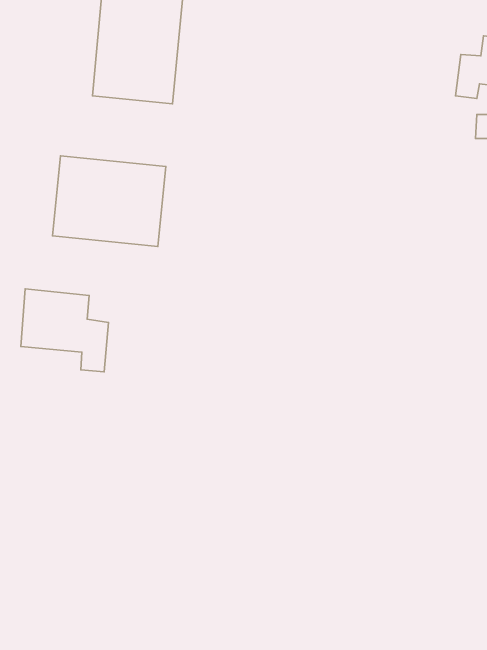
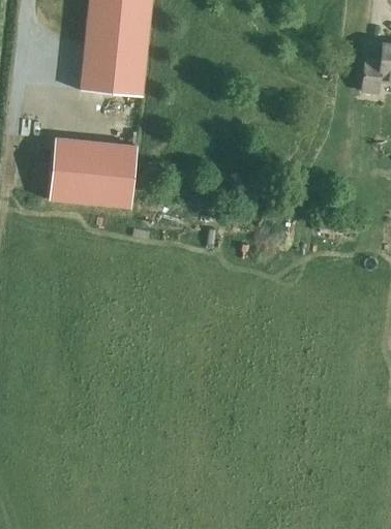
building: [21,289,109,372] -> none

